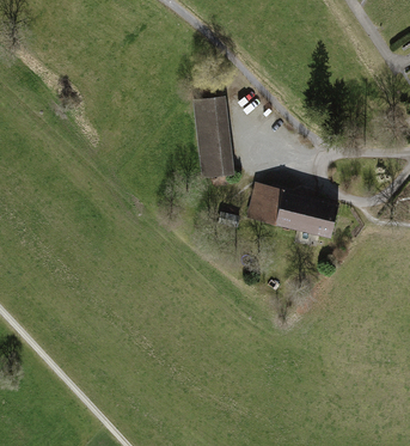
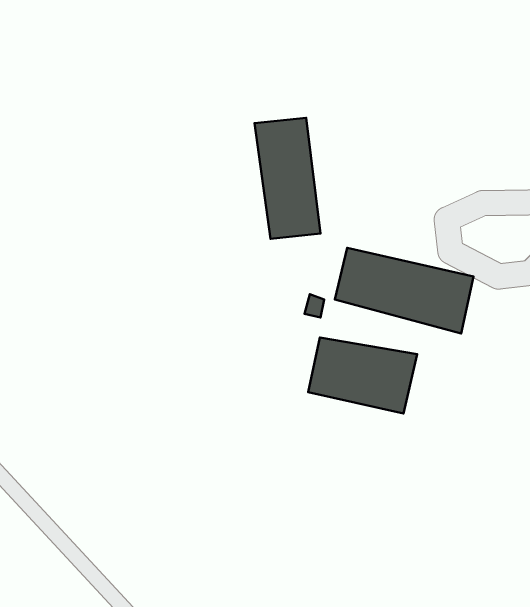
building: none -> [308,338,417,414]

